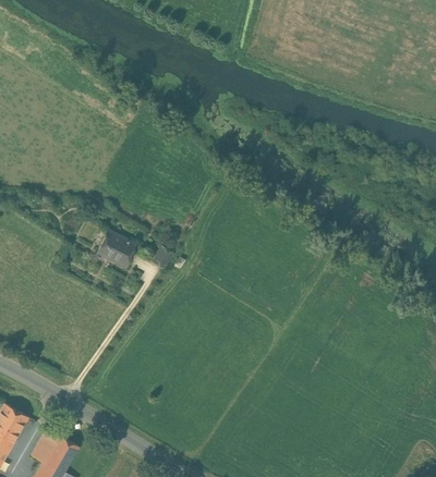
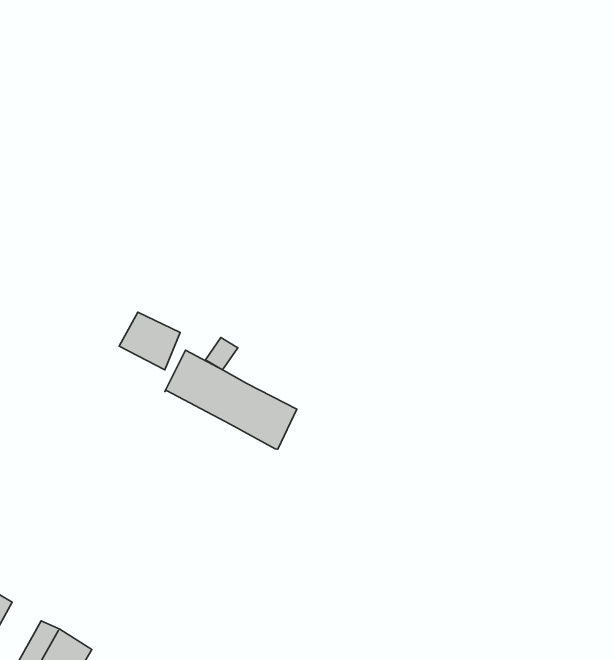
building: none -> [165,350,297,449]

